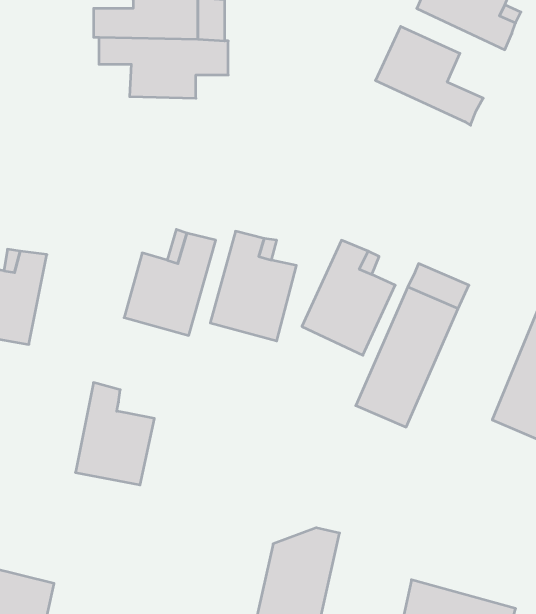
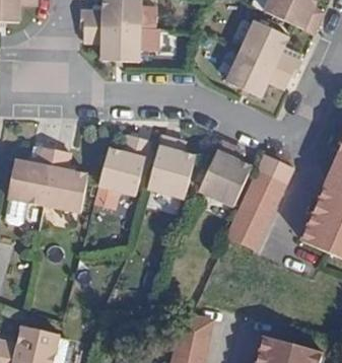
building: none -> [226,52,290,97]
building: [75,383,154,485] -> [44,150,88,208]

